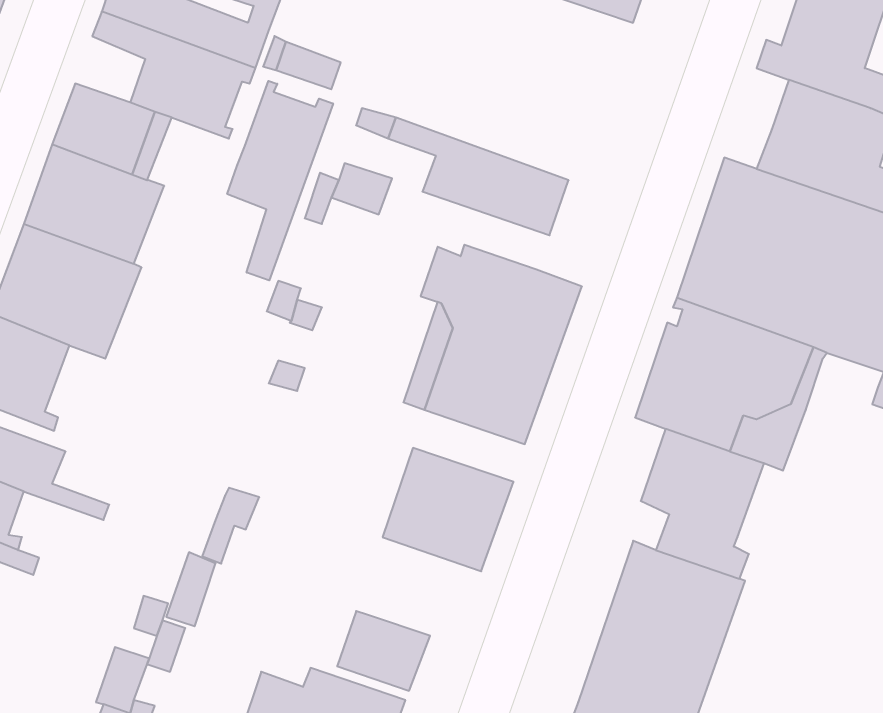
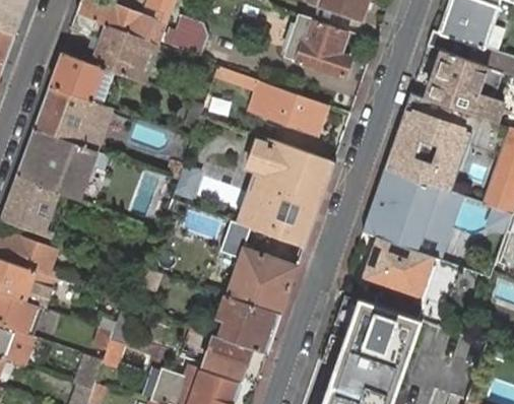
building: none -> [283,14,352,77]
building: [227,81,333,280] -> none
building: none -> [217,295,279,353]

